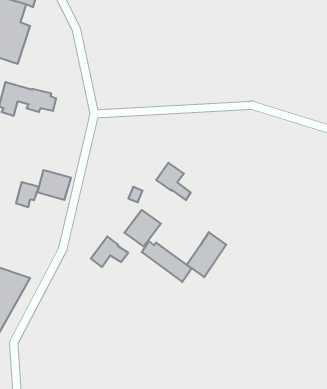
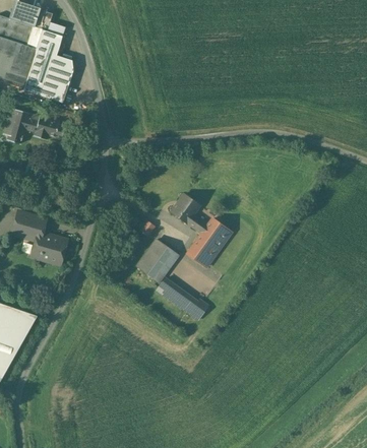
building: none -> [24,29,73,101]
building: [37,170,71,200] -> [32,232,67,263]
building: [187,232,226,277] -> [188,218,230,266]
building: [91,236,128,267] -> none

